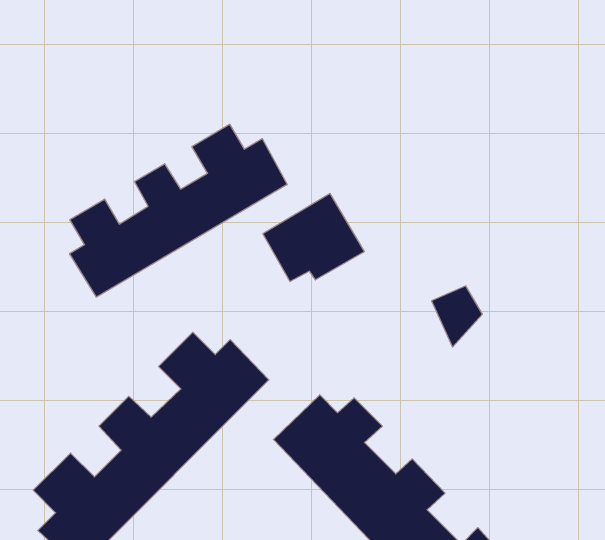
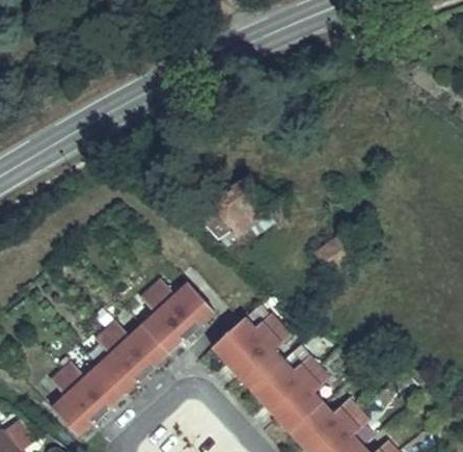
building: [70,124,287,297] -> none

